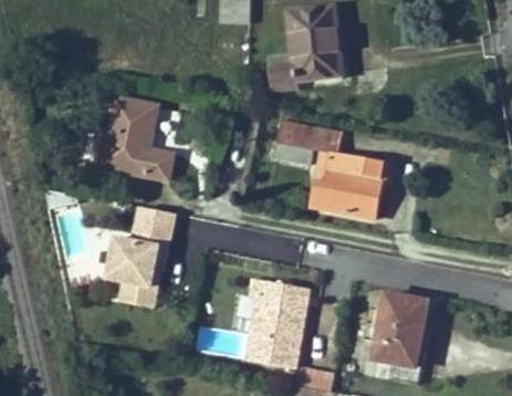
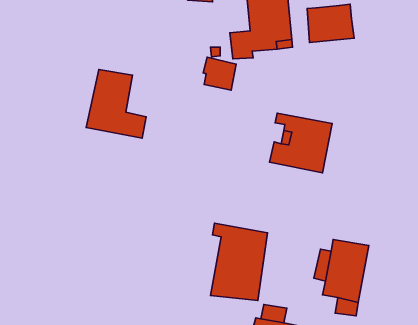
building: none -> [307,4,354,42]
building: [276,125,314,163] -> [203,57,236,90]
building: [108,221,176,309] -> none

